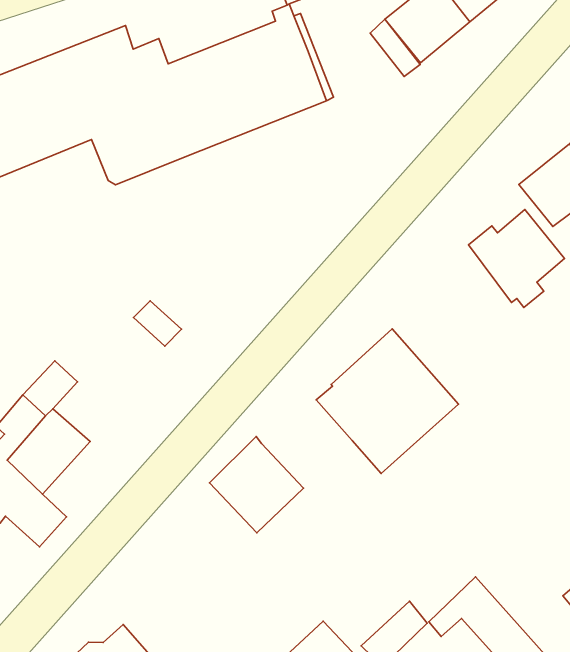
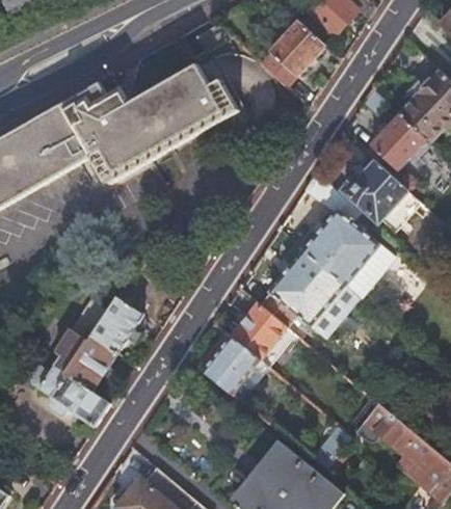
building: none -> [301,172,388,294]
building: none -> [89,296,141,352]
building: none -> [228,302,286,363]

